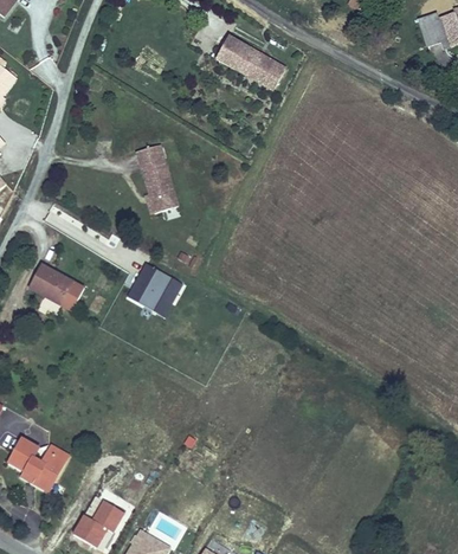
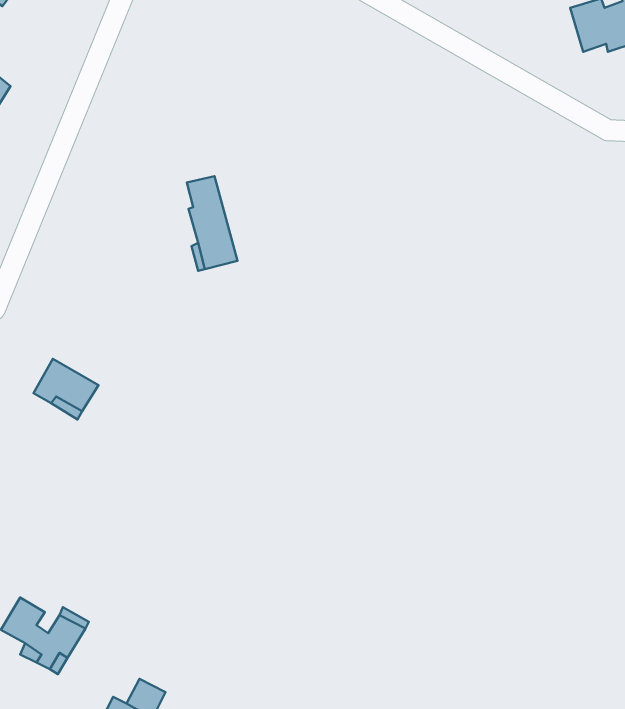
building: [213,31,284,84] -> none
building: [127,263,183,317] -> none

